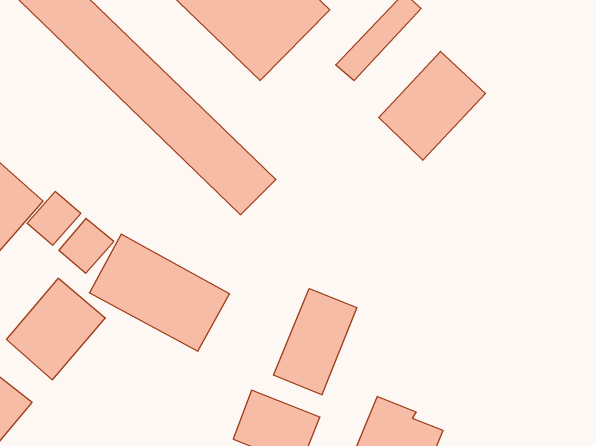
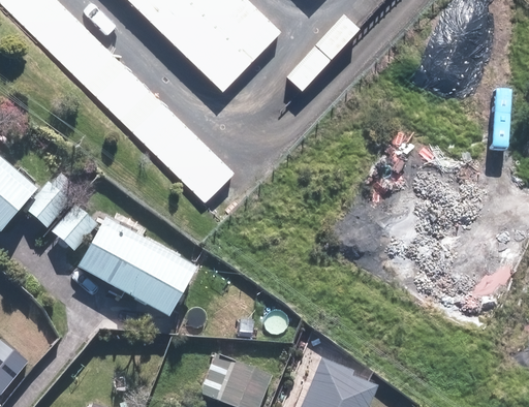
building: [379,51,486,160] -> none
building: [7,278,105,380] -> none
building: [274,289,357,395] -> none

